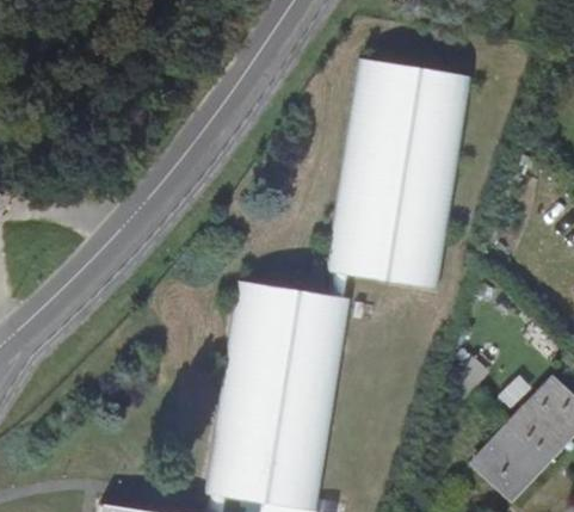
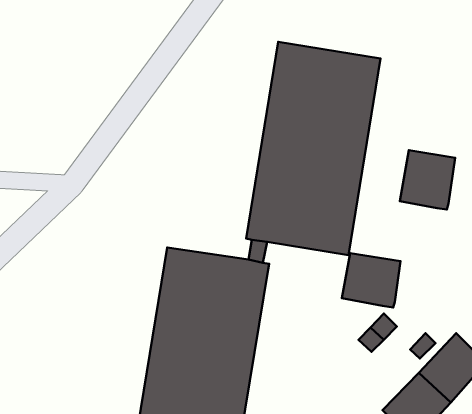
building: none -> [400,150,455,210]
building: none -> [342,253,401,307]

